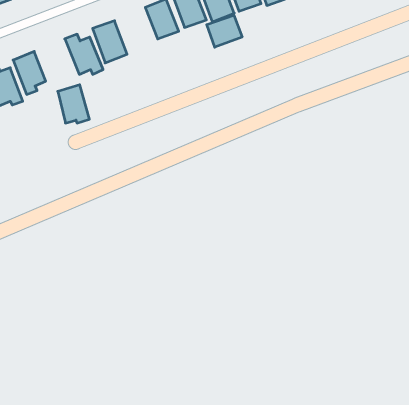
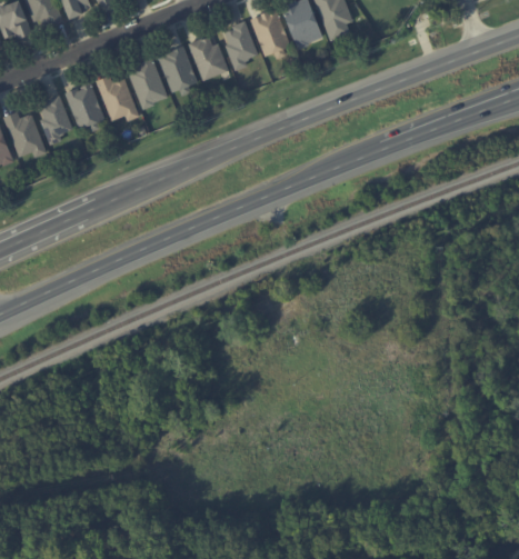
building: none -> [158,47,197,96]
building: [207,15,242,47] -> none
building: [58,85,89,123] -> [67,83,103,128]

